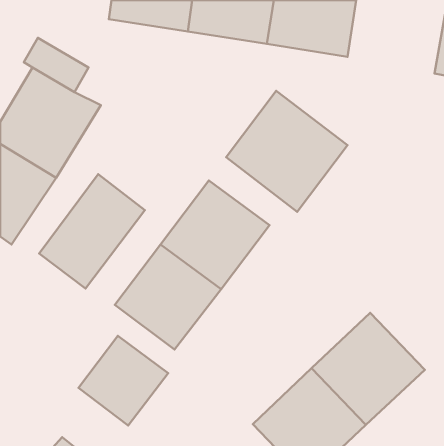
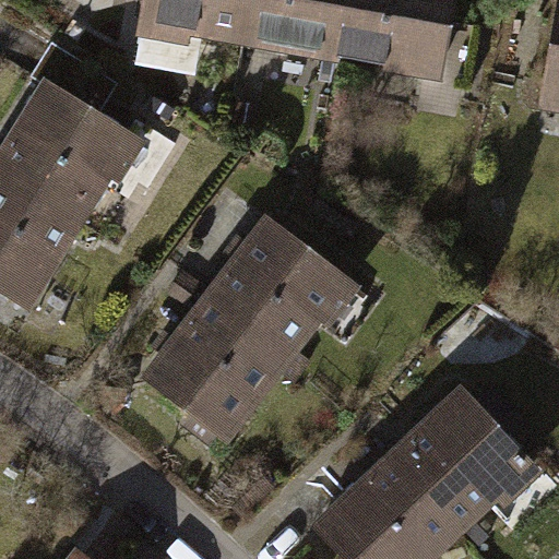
building: [226,91,347,212] -> none
building: [39,174,145,289] -> none
building: [78,336,168,425] -> none

